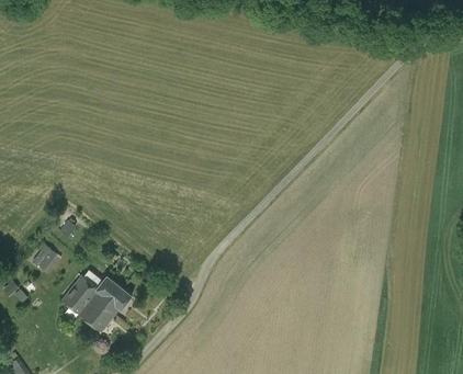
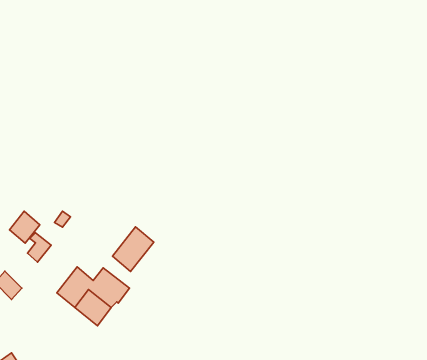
building: none -> [9,211,40,243]
building: none -> [113,227,154,272]

